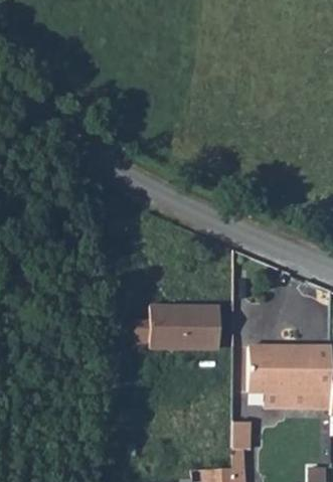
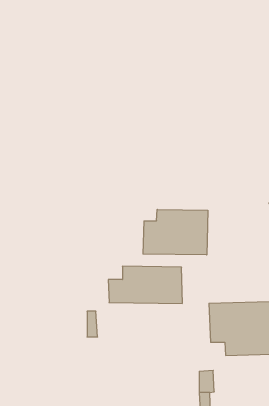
building: none -> [143,209,208,255]

